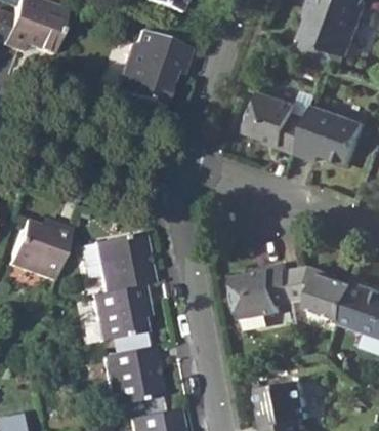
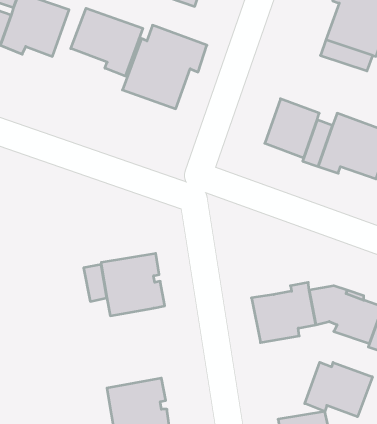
building: none -> [71,8,143,76]
building: [10,217,72,277] -> none
building: [93,284,152,339] -> none
building: none -> [305,362,372,417]

